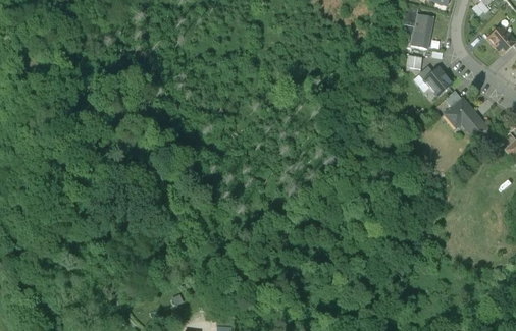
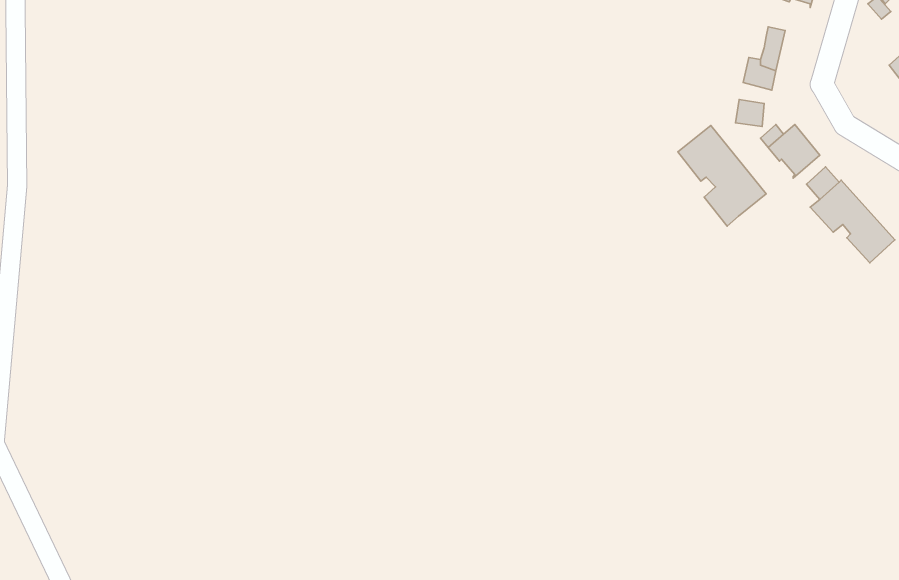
building: none -> [678,126,766,226]

